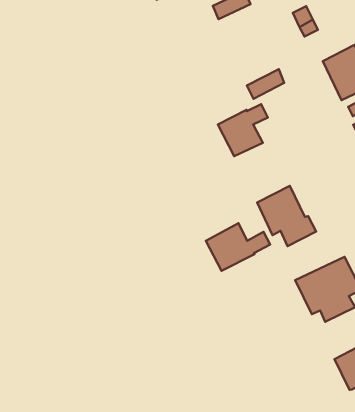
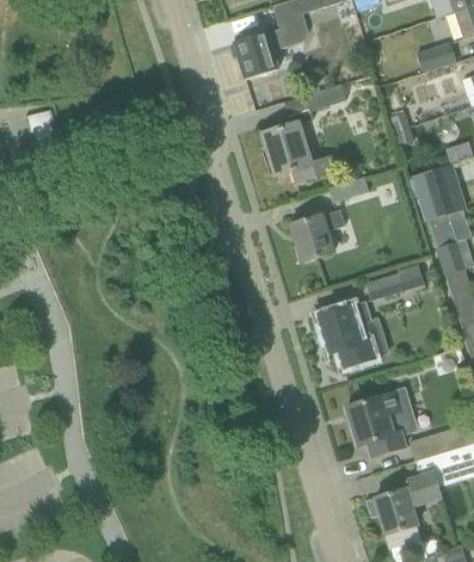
building: none -> [261,121,337,181]
building: none -> [365,263,425,302]
building: [206,223,270,271] -> none

